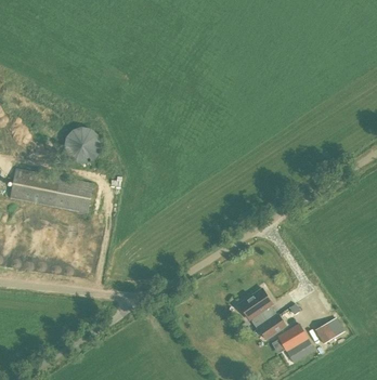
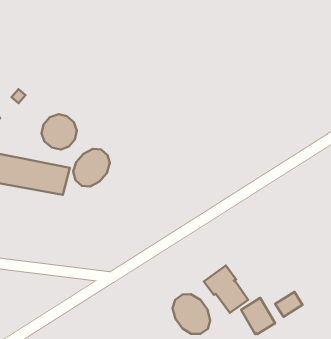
building: none -> [73,149,110,186]
building: none -> [173,294,210,334]

